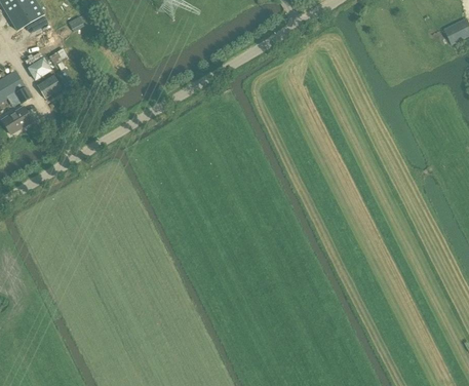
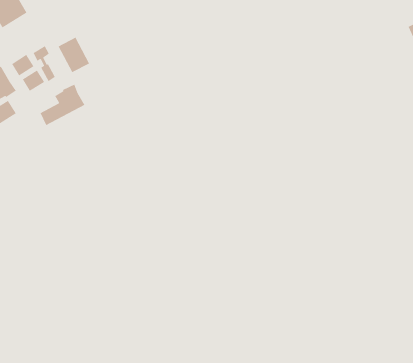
building: none -> [57,37,90,73]
building: none -> [39,83,85,126]

